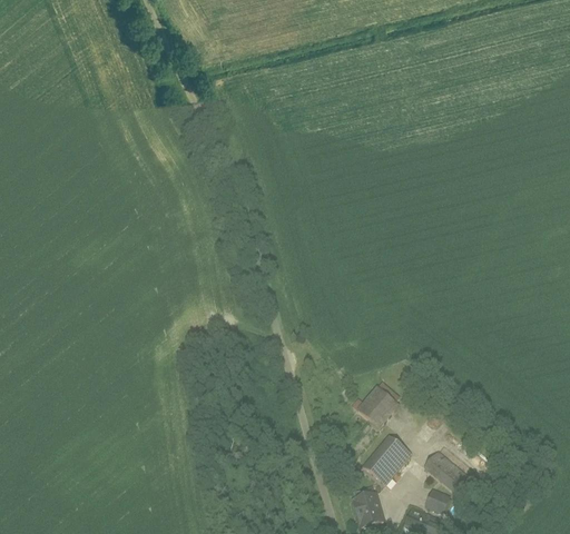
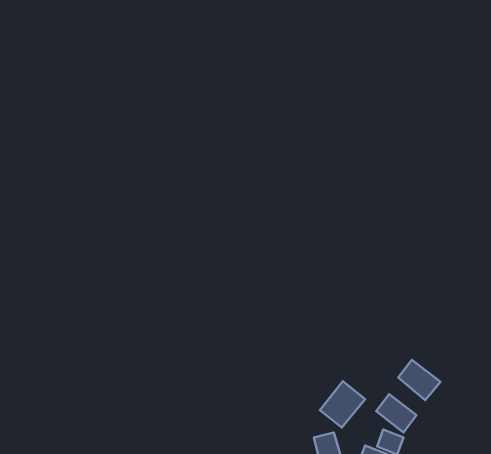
building: [356,384,400,427] -> none
building: none -> [398,360,440,400]

